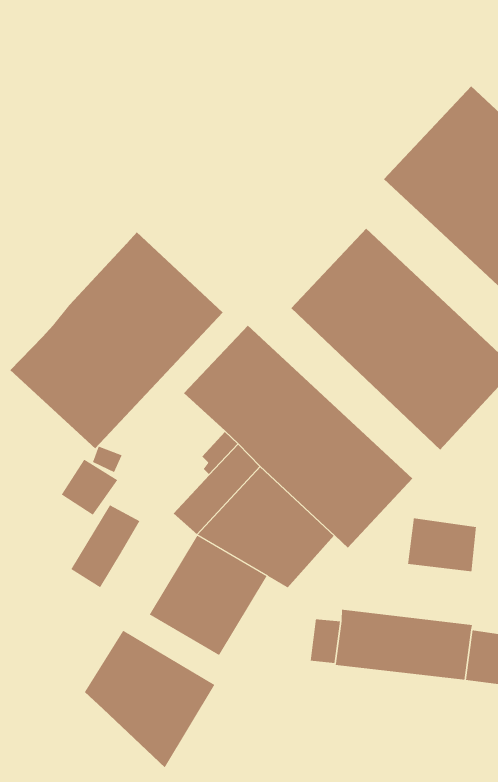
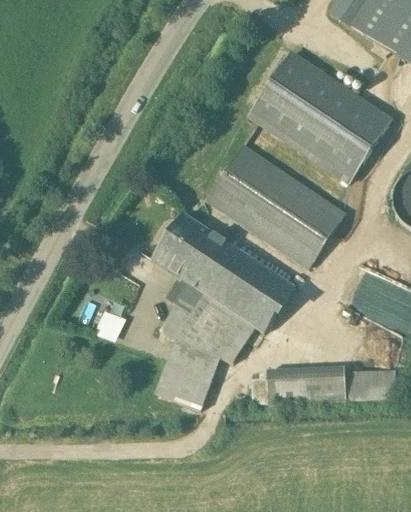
building: [9,232,223,449] -> none
building: [70,504,140,588] -> none
building: [407,518,477,572] -> none
building: [84,630,215,768] -> none

